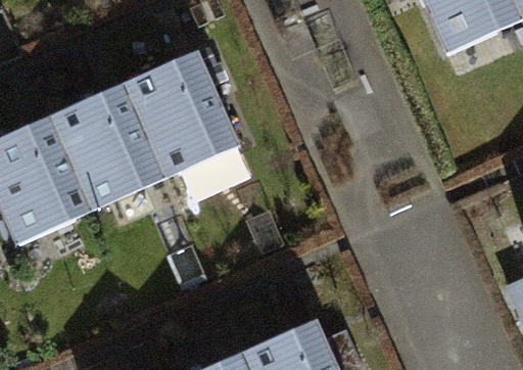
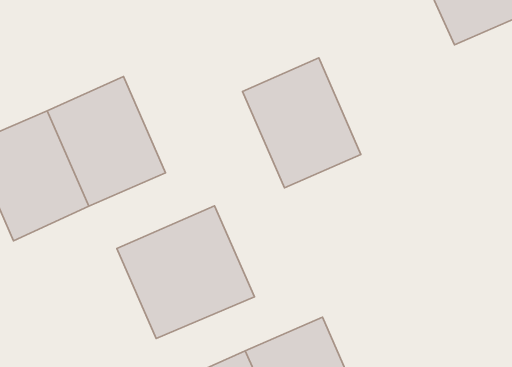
building: [124,51,239,178] -> [242,58,361,188]
building: none -> [117,206,254,338]

